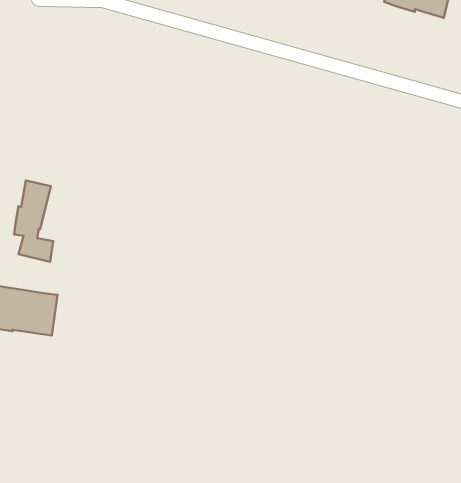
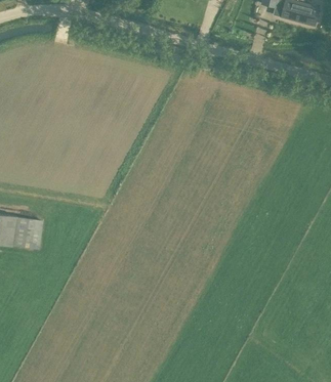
building: [14,180,53,262] -> none

